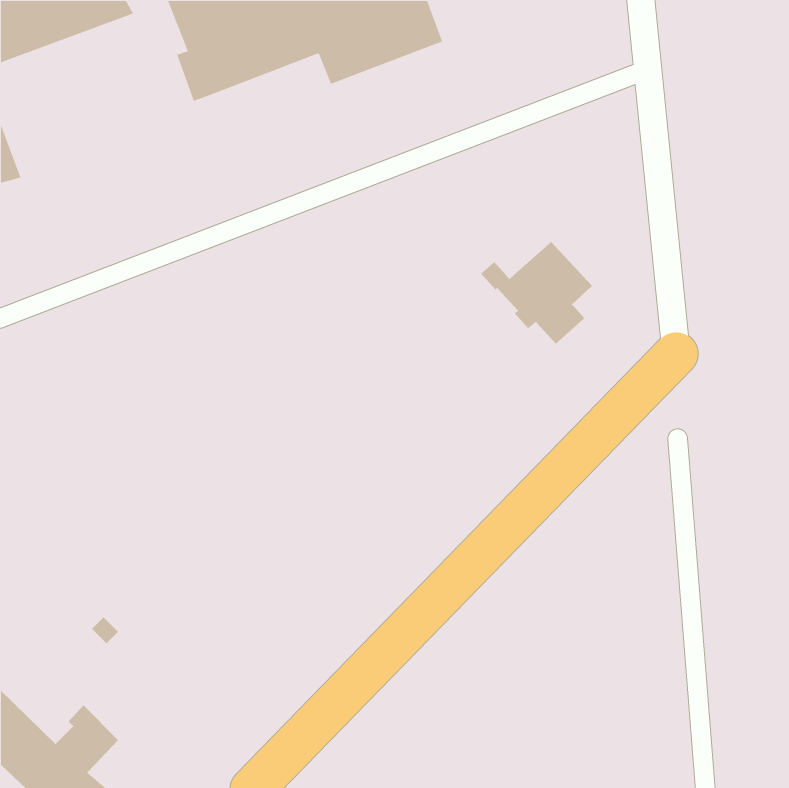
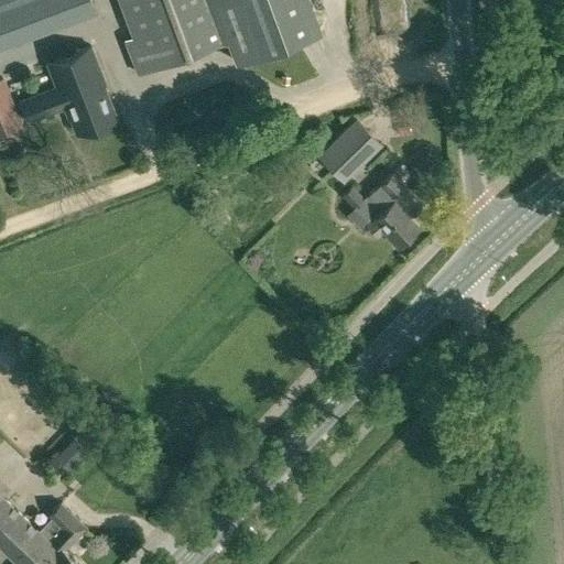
building: none -> [19,47,116,133]
building: none -> [313,122,377,182]

